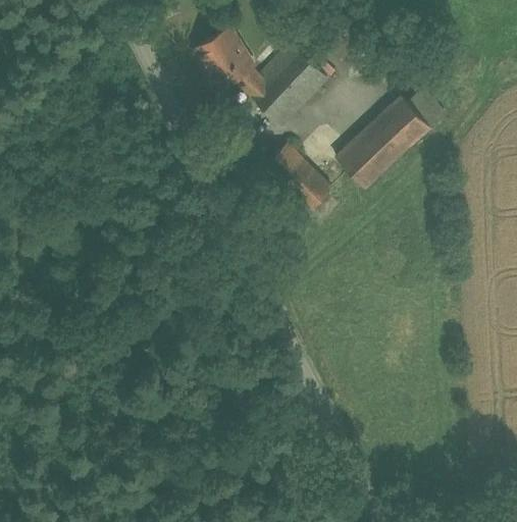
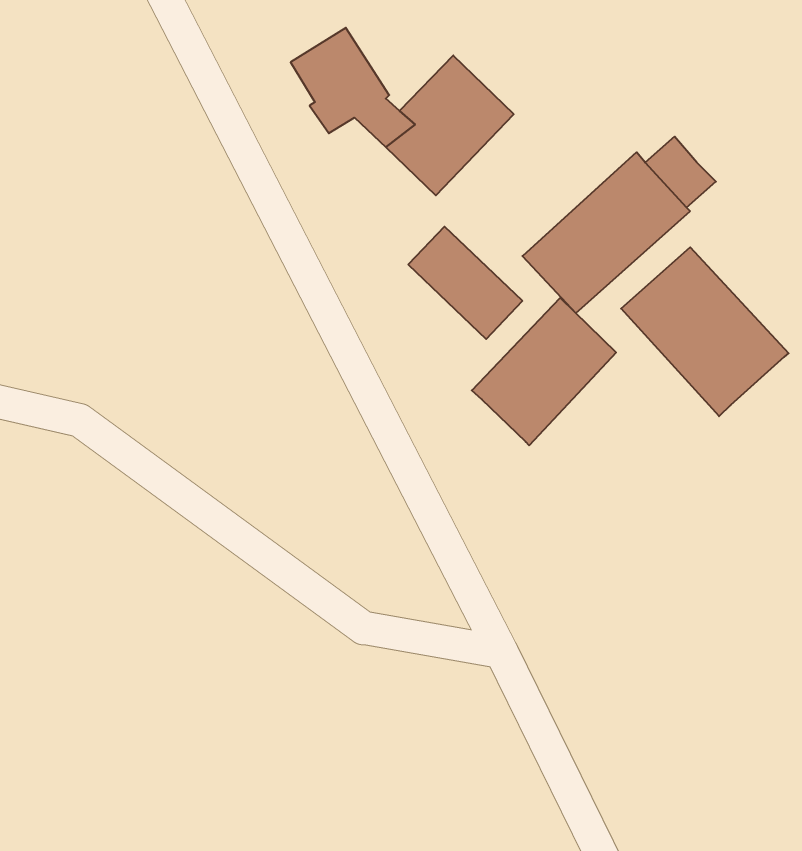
building: none -> [621,247,789,416]
building: none -> [472,298,616,445]

